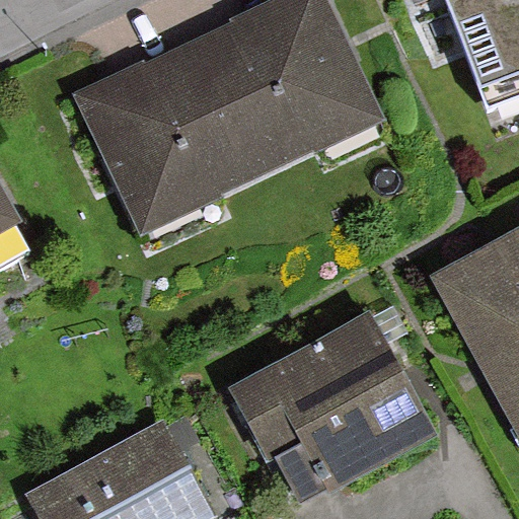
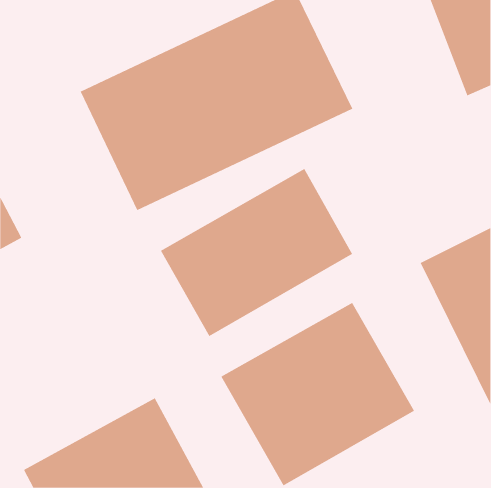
building: none -> [160,168,353,337]

